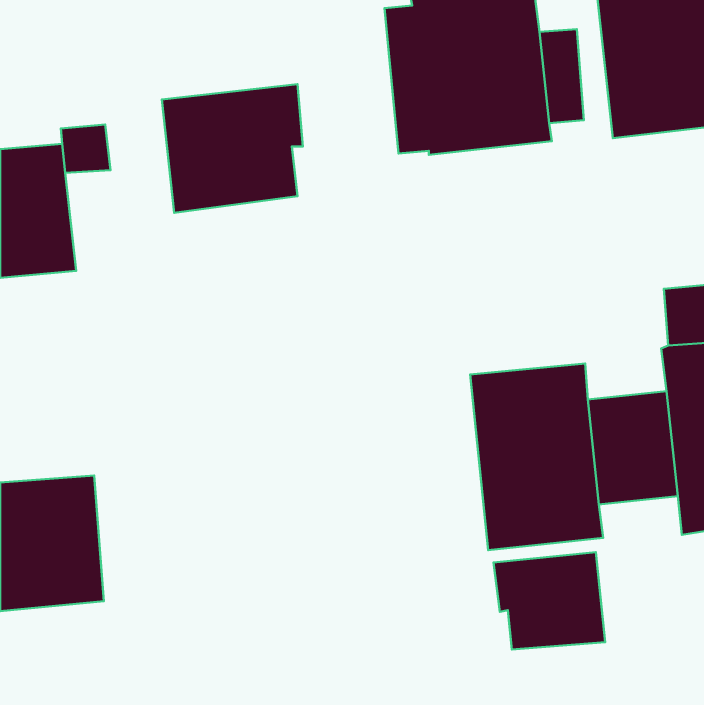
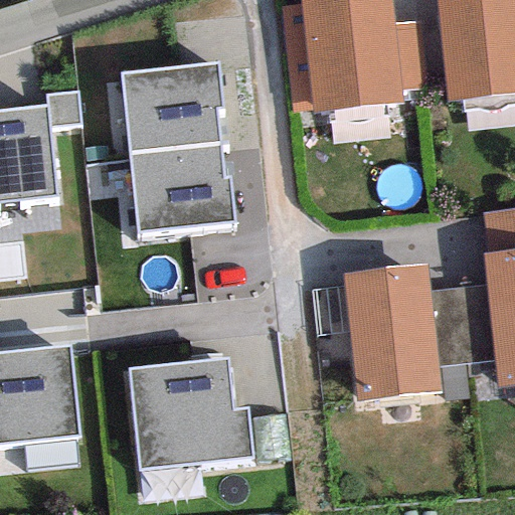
building: none -> [129,143,233,233]
building: none -> [128,358,253,471]
building: [494,552,605,650] -> none

